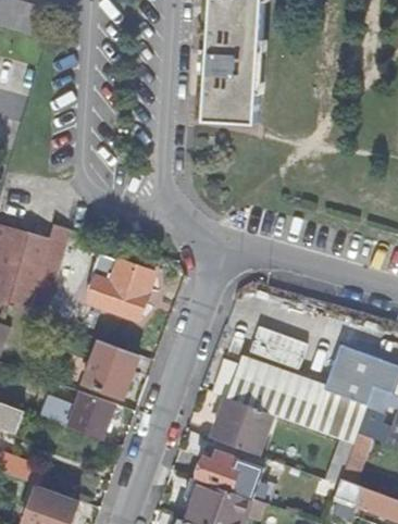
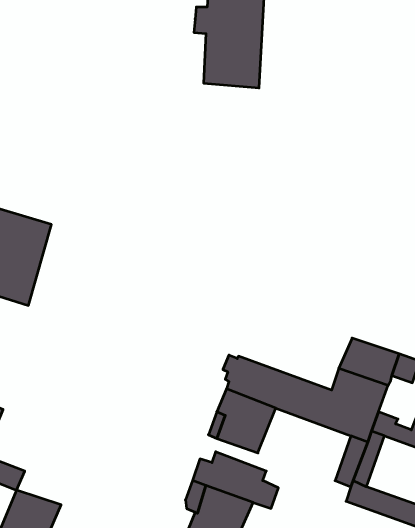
building: [87,252,152,319] -> none
building: [249,322,311,365] -> none
building: [79,338,137,397] -> none
building: [39,390,111,437] -> none

